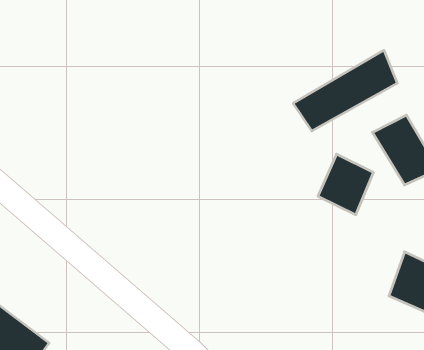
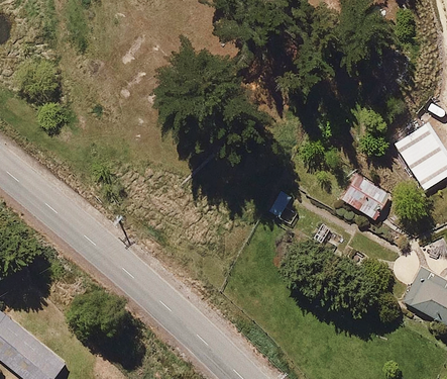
building: [293,50,397,131] -> none

